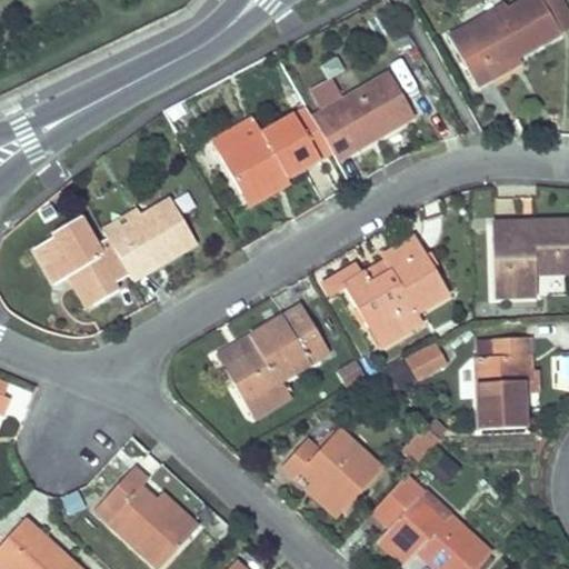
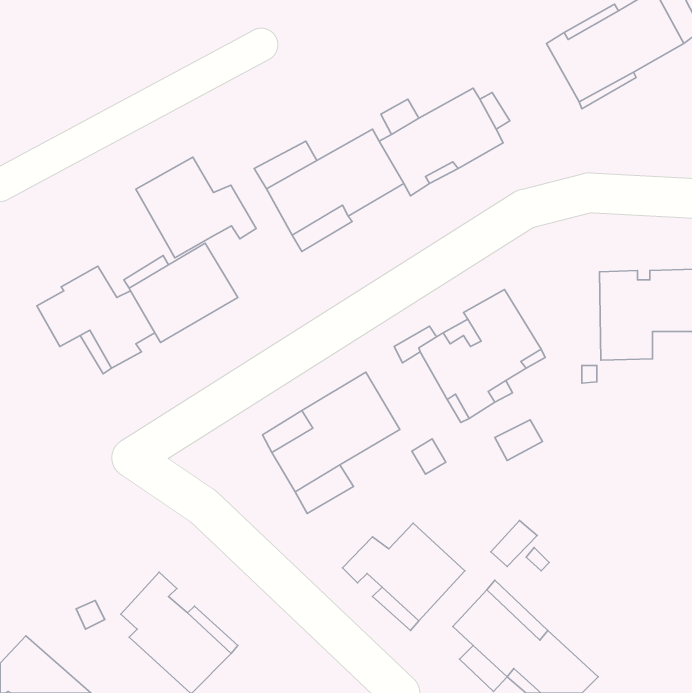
building: none -> [136,157,256,258]
building: [478,337,531,429] -> none

